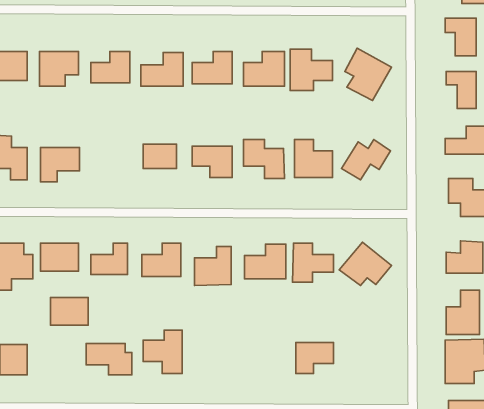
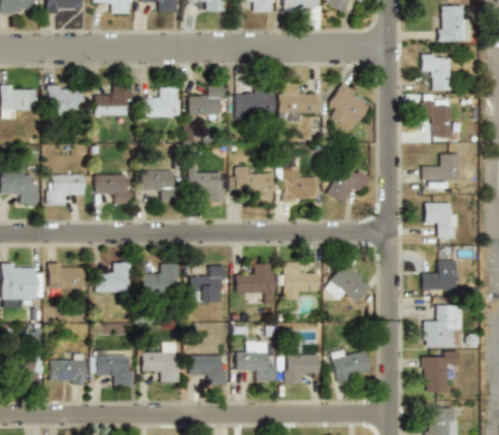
building: none -> [94,175,128,202]
building: [50,297,88,325] -> [47,359,82,384]
building: none -> [235,341,276,381]
building: none -> [331,349,371,382]
building: none -> [188,356,226,384]

